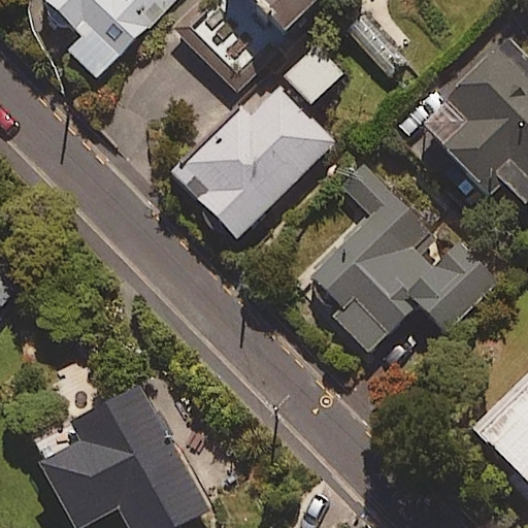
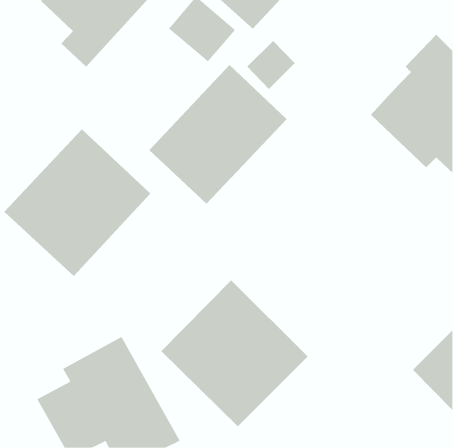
building: none -> [4,128,151,277]
building: [307,164,498,352] -> none
building: none -> [161,280,308,427]

